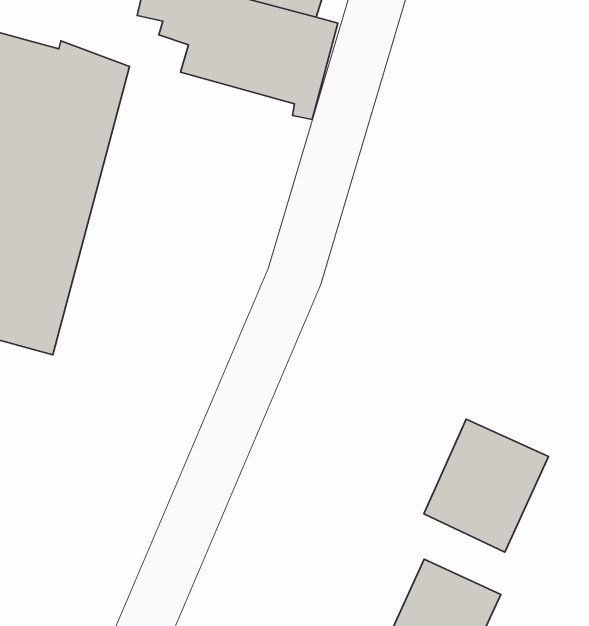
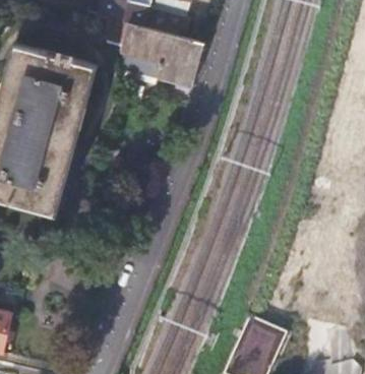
building: [424,419,549,552] -> none

